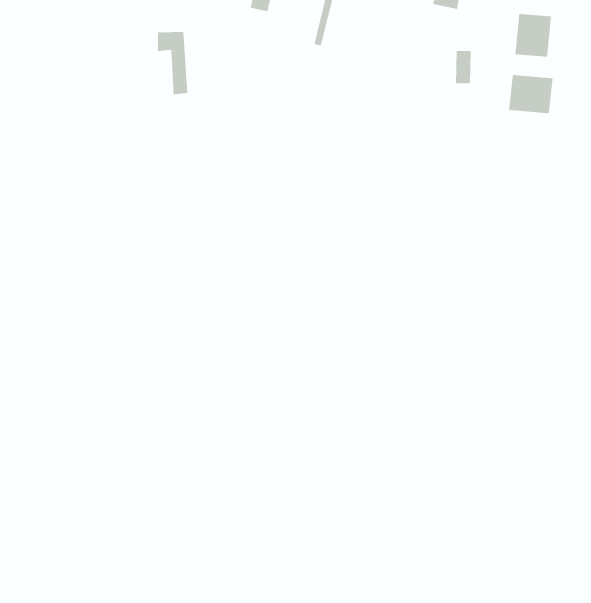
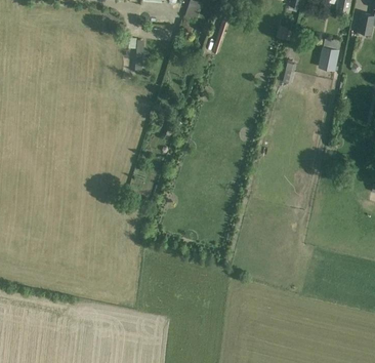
building: [508,74,553,114] -> none

